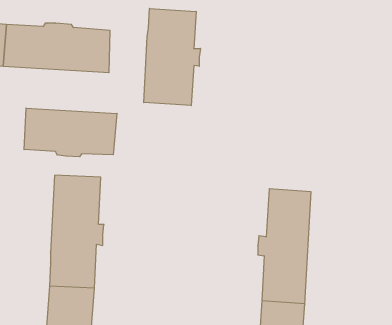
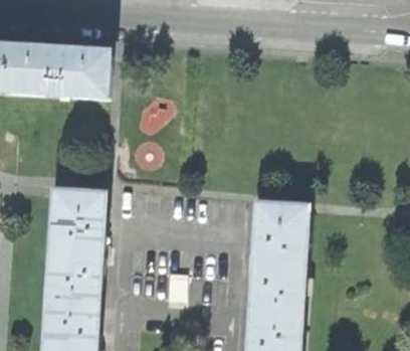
building: [144,8,200,106] -> none
building: [24,108,117,157] -> none

